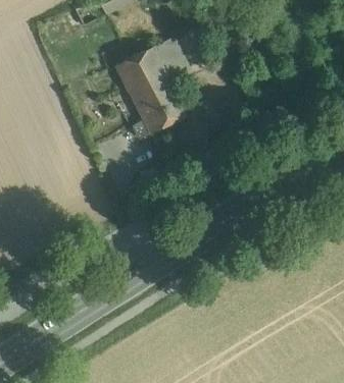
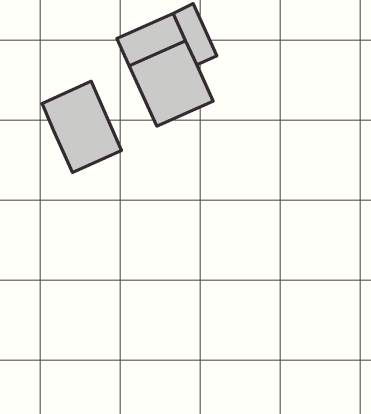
building: none -> [42,81,121,173]

